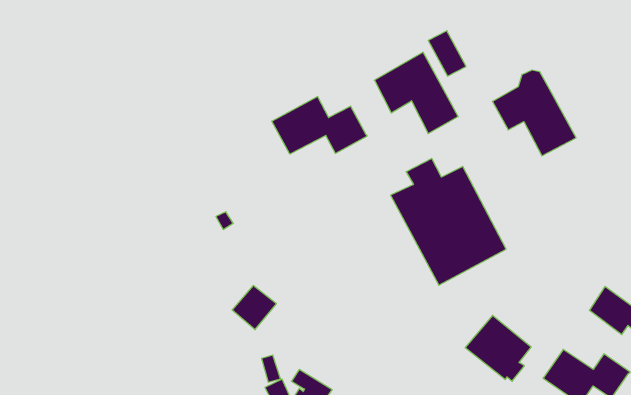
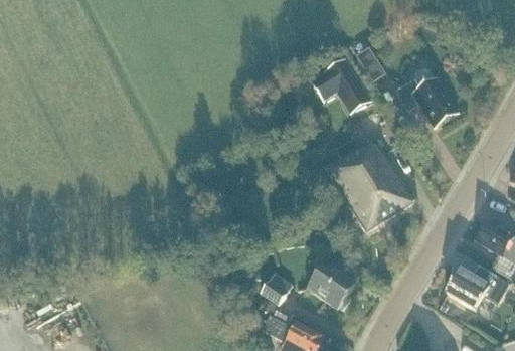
building: [272,97,367,154] -> none
building: [232,286,276,330] -> [260,273,292,305]
building: [465,315,531,381] -> [306,261,354,309]

